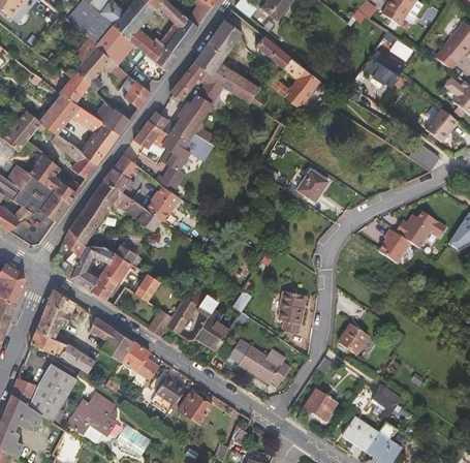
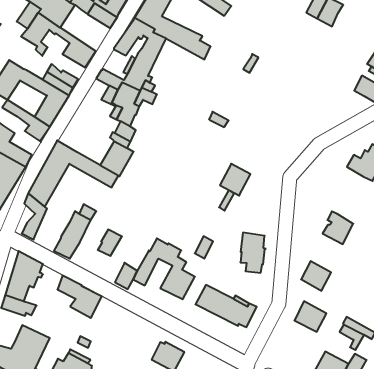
building: [271,59,320,109] -> none
building: [60,70,92,103] -> none
building: [133,120,161,148] -> none
building: [103,155,138,192] -> none
building: [296,168,328,202] -> [220,164,250,196]
building: [378,229,410,264] -> [323,211,353,244]
building: [70,246,115,290] -> none
building: [122,341,159,389] -> none
building: [60,343,95,373] -> none
building: [151,375,186,412] -> none
building: [304,390,337,422] -> [294,301,326,332]

